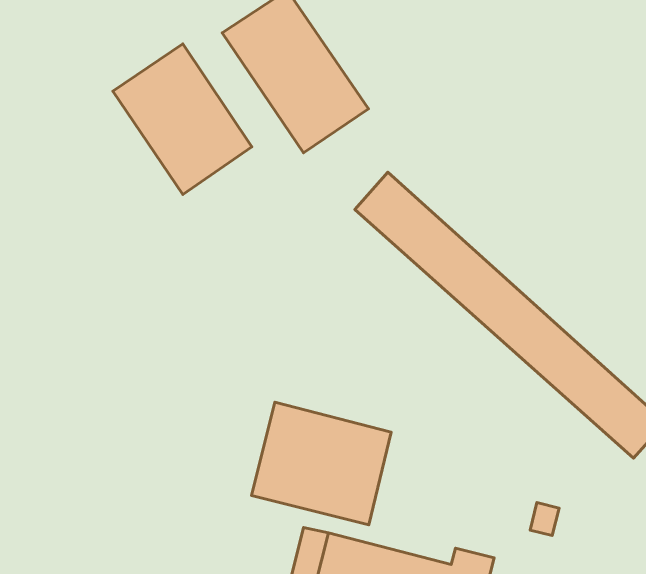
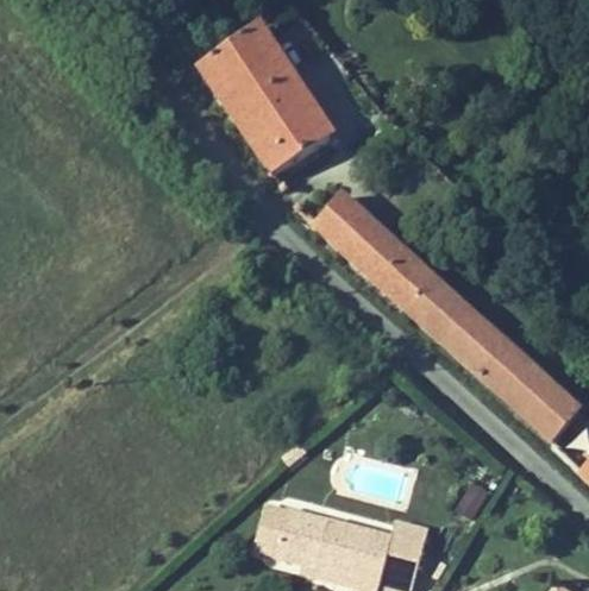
building: [113,44,252,195] -> none
building: [251,402,391,525] -> none

